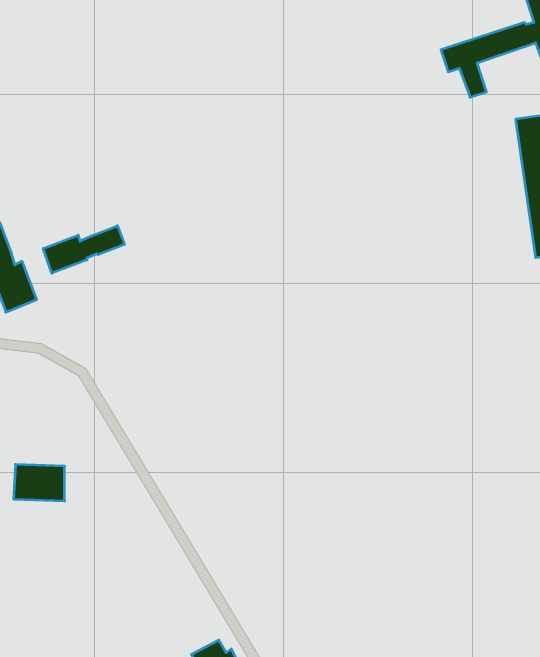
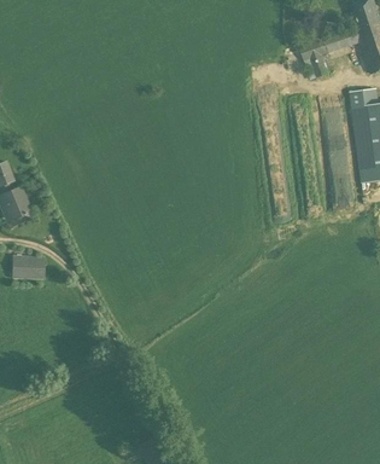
building: [43,226,124,273] -> none
building: [14,464,65,501] -> [11,255,45,279]

